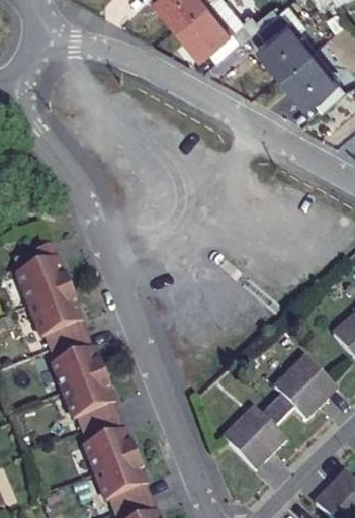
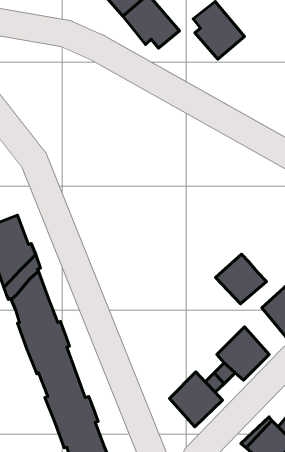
building: [275,46,338,105] -> none
building: none -> [215,254,267,304]

